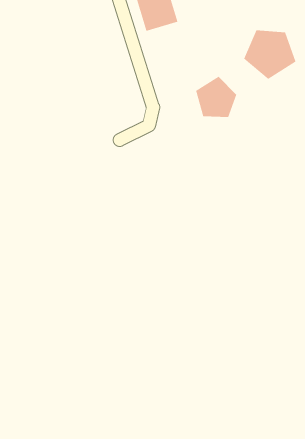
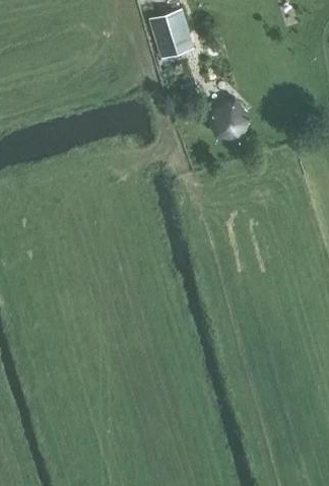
building: [243,30,296,80] -> none

